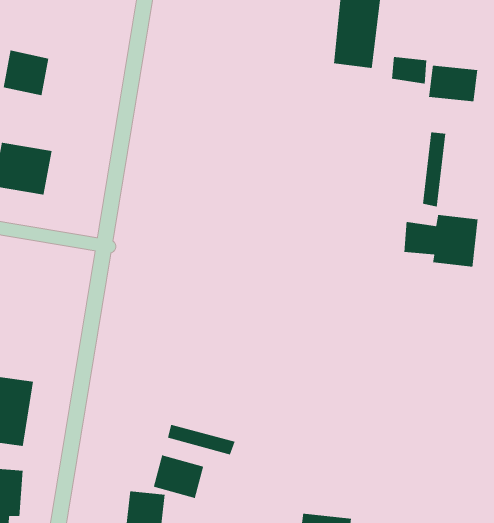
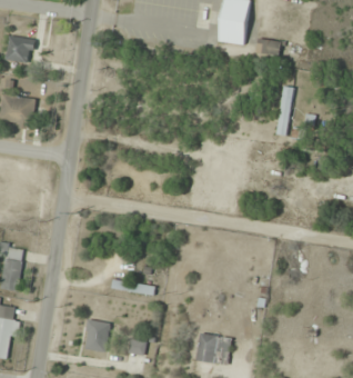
building: [428,65,478,102] -> none
building: [404,214,478,267] -> none
building: [153,454,204,499] -> none

